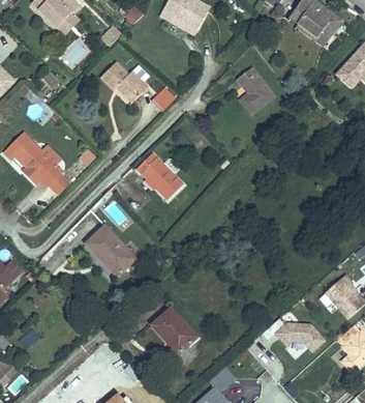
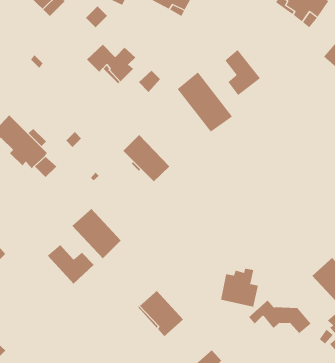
building: none -> [177,72,233,133]
building: none -> [47,244,94,284]
building: none -> [221,268,259,308]

